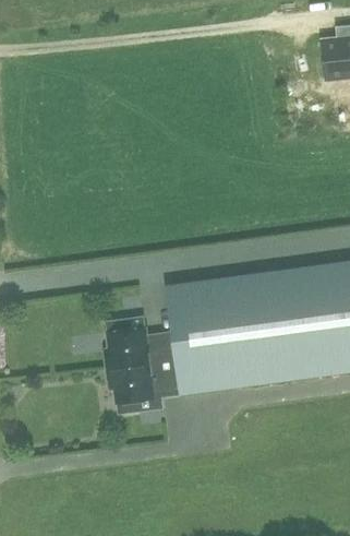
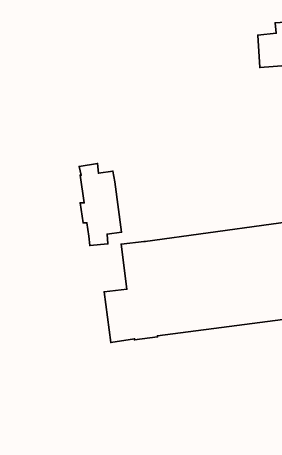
building: [106,319,154,413] -> [79,164,121,246]

